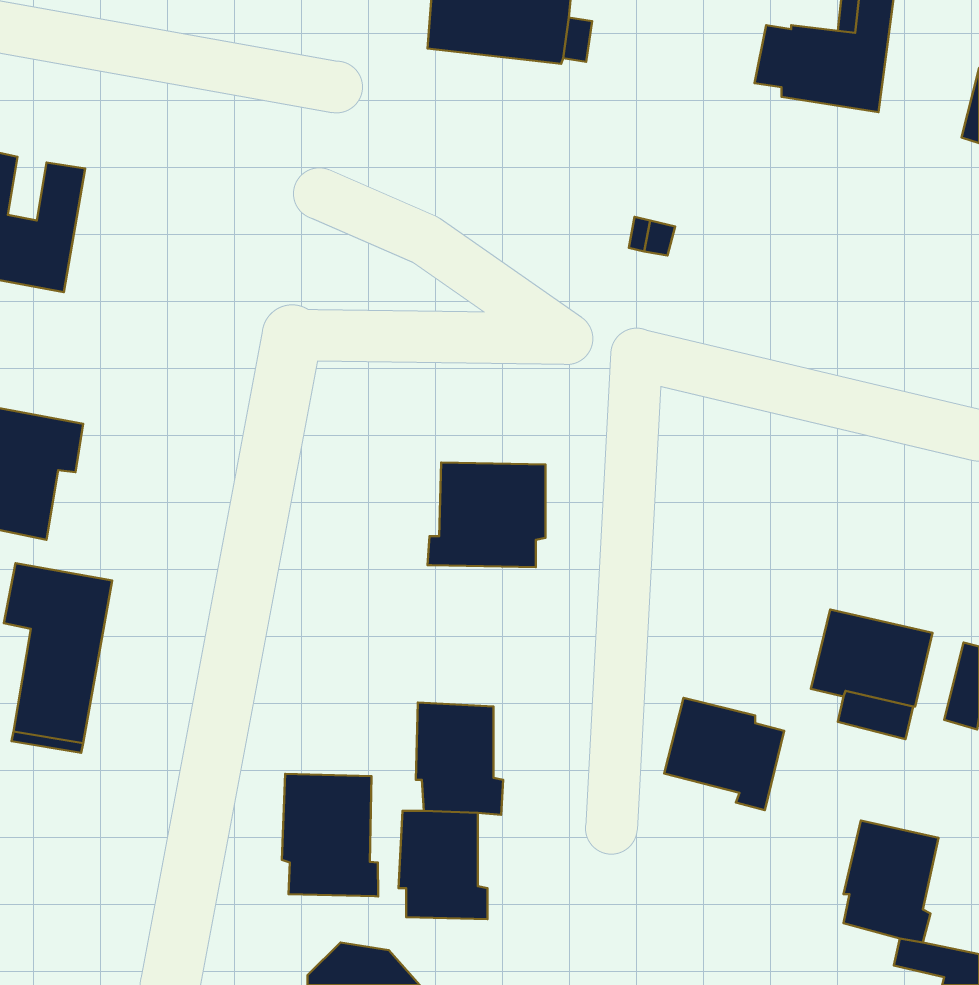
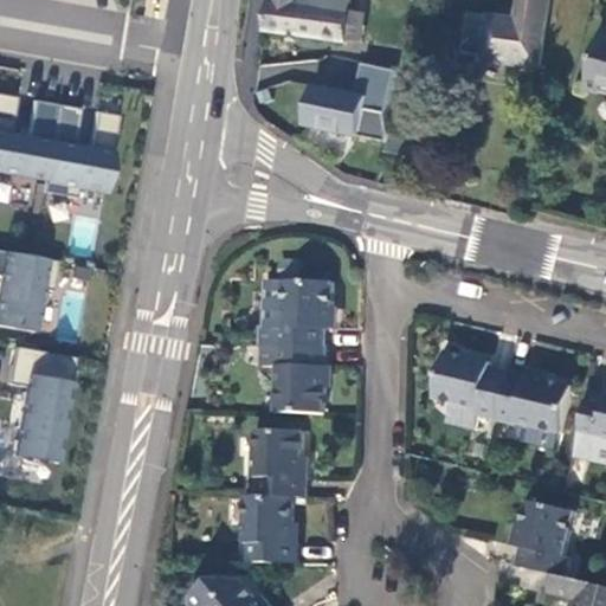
building: none -> [289,59,388,140]
building: none -> [37,103,114,196]
building: none -> [263,346,328,413]
building: [664,698,784,810] -> [434,353,508,421]
building: [282,774,378,896] -> none

